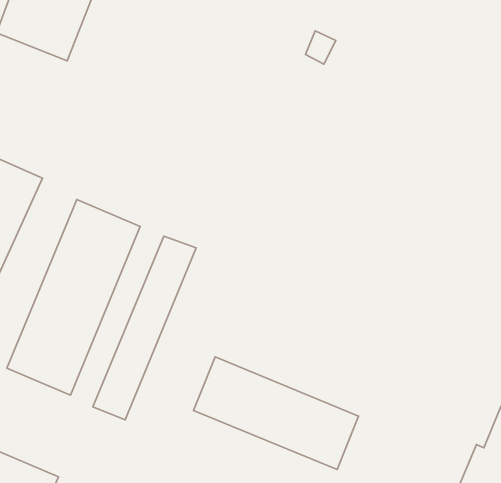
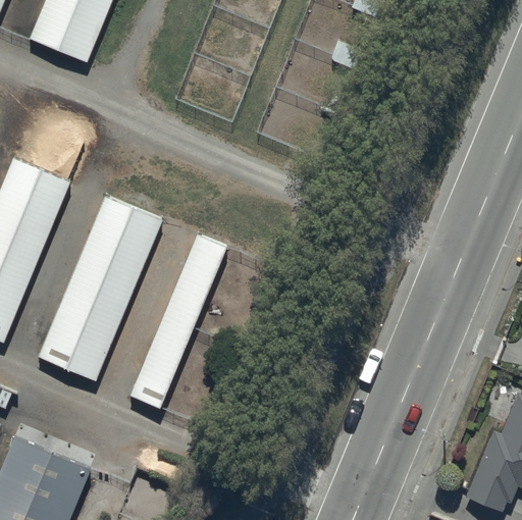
building: [194,357,359,470] -> none

